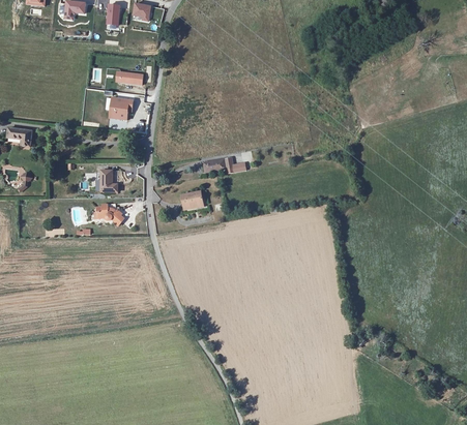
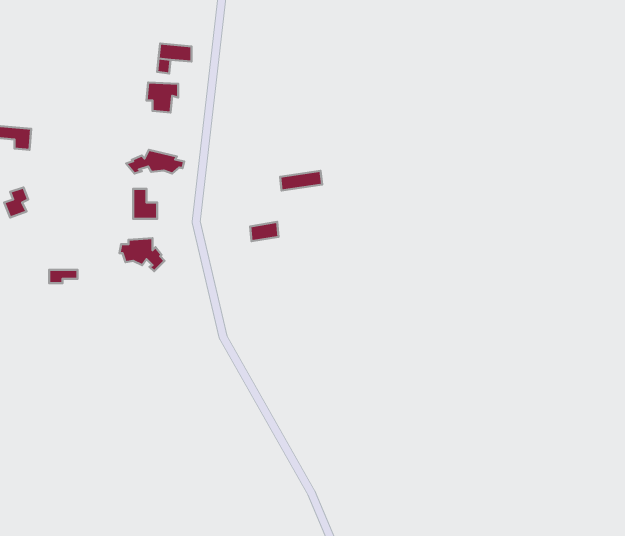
building: none -> [126,150,184,173]

